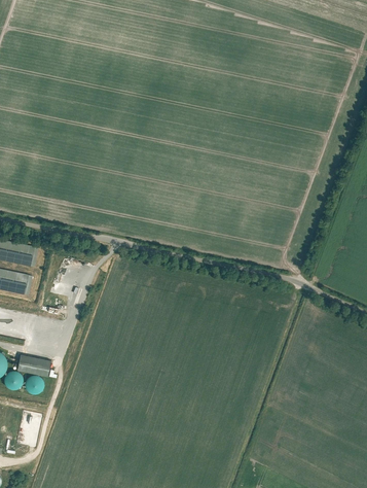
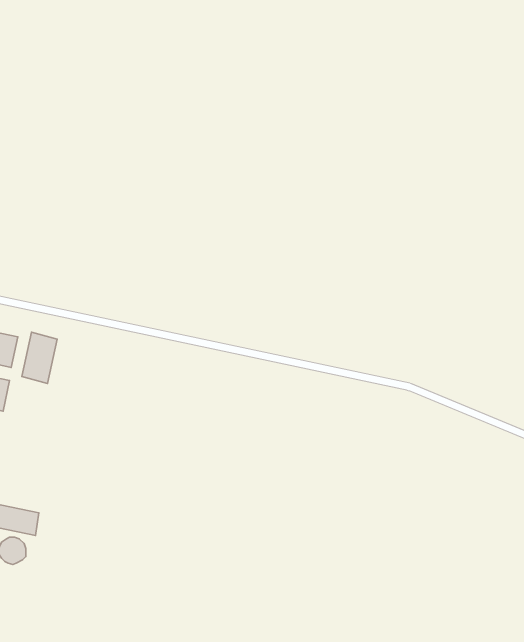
building: none -> [22,332,57,383]

